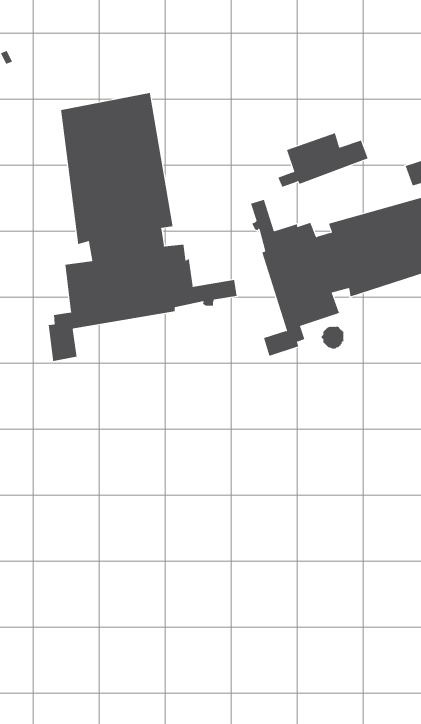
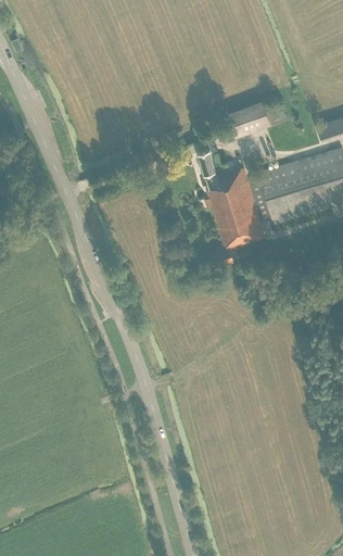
building: [48,92,237,362] -> none

